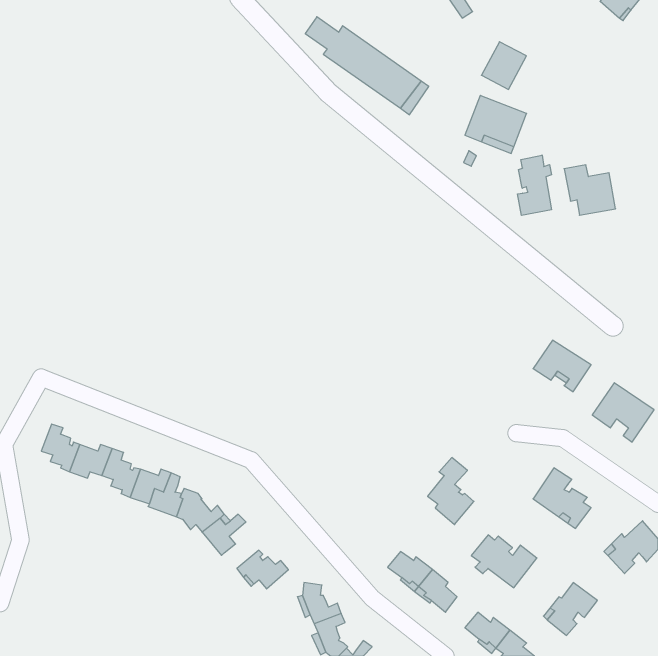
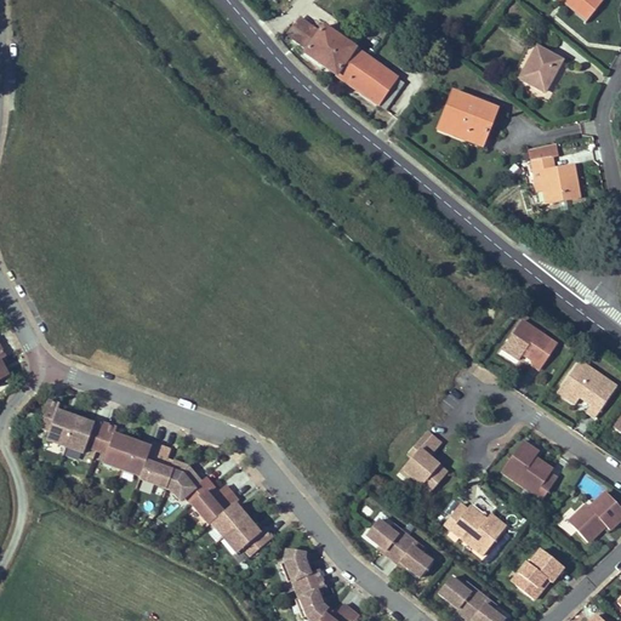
building: [481,42,526,89] -> [519,45,562,90]
building: [518,155,552,215] -> none
building: none -> [211,491,244,535]

